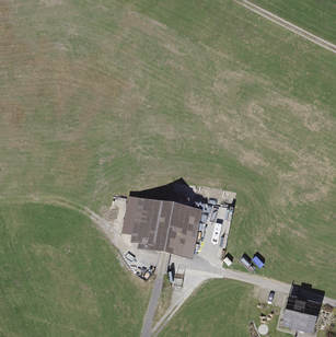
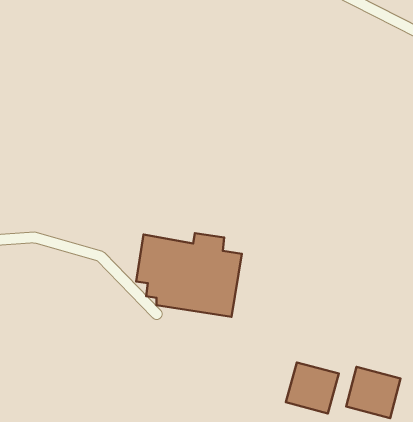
building: none -> [286,362,339,413]

